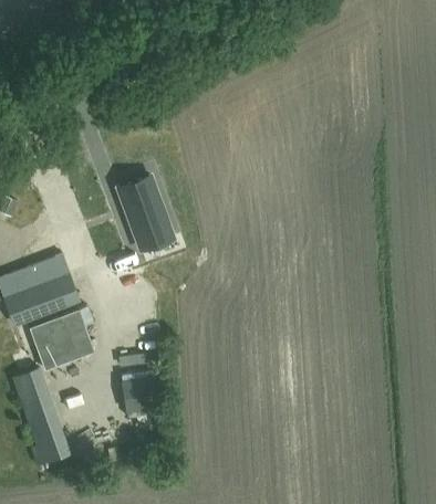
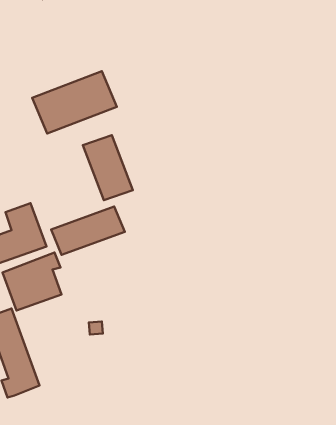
building: none -> [32,71,117,133]
building: none -> [51,207,125,255]

